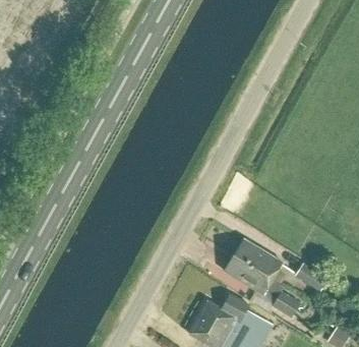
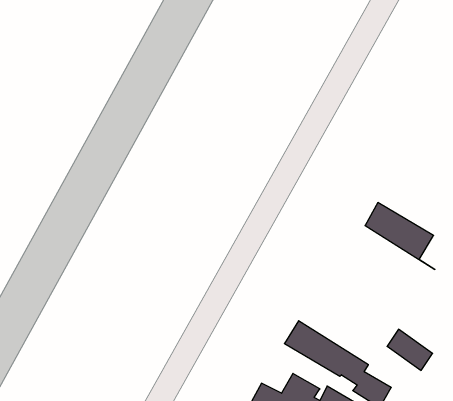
building: [233,240,283,288] -> [365,203,435,269]

